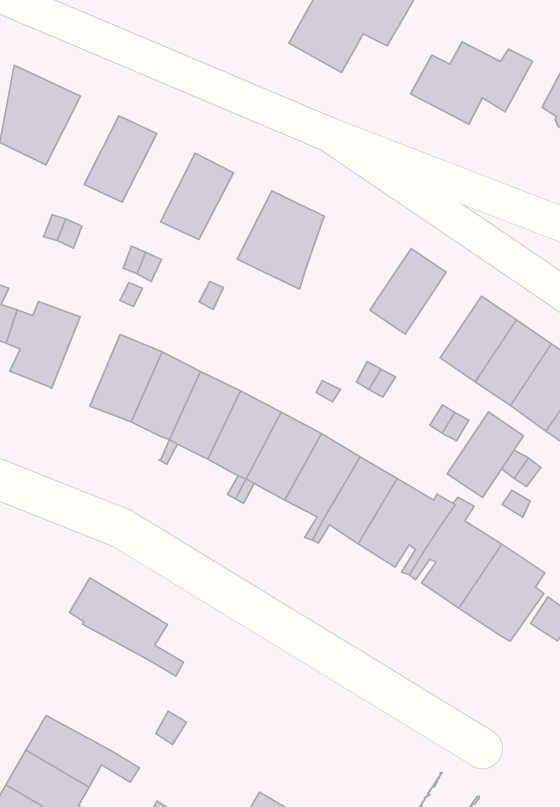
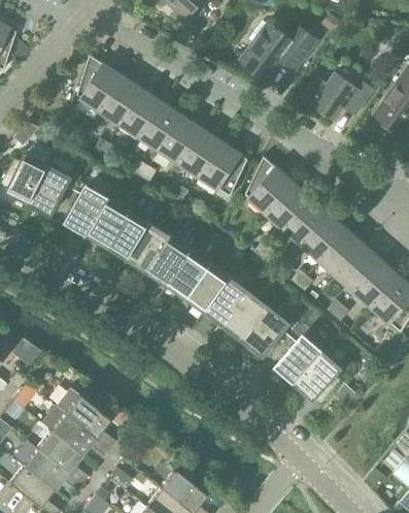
building: none -> [100,76,143,125]
building: none -> [139,102,182,151]
building: none -> [178,129,221,177]
building: none -> [245,157,294,214]
building: none -> [88,197,129,247]
building: [447,412,524,498] -> [284,198,329,245]
building: [70,578,184,676] -> [56,388,114,448]

